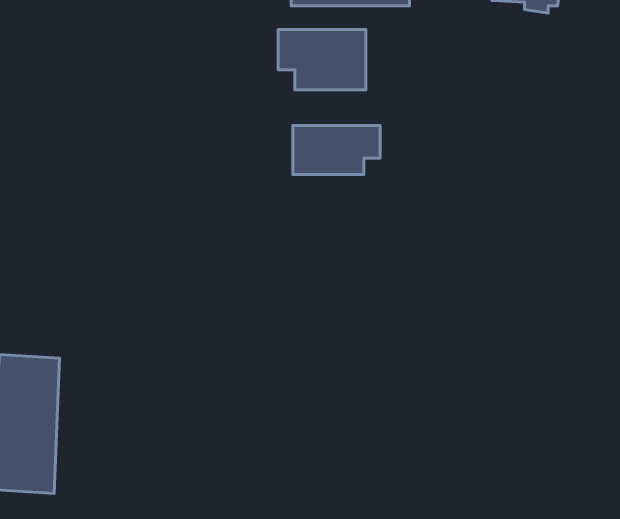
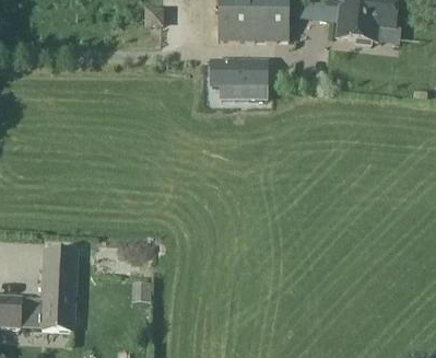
building: [293,125,380,175] -> none

